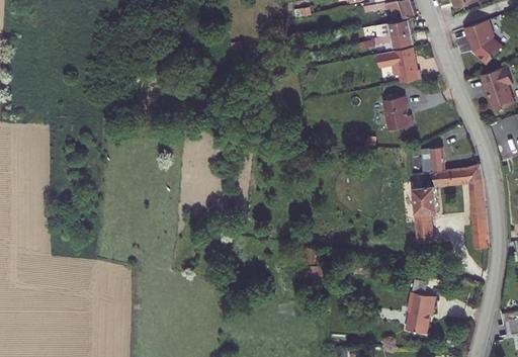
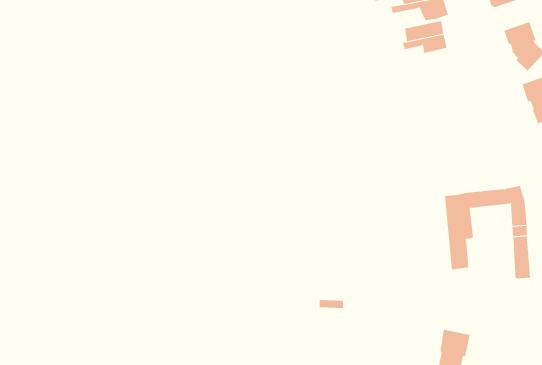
building: [378,48,423,83] -> none
building: [384,97,414,130] -> none
building: [420,148,443,174] -> none

